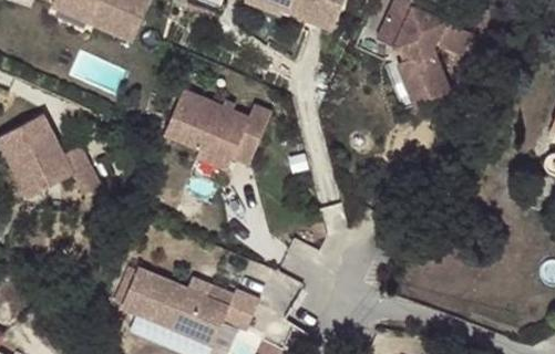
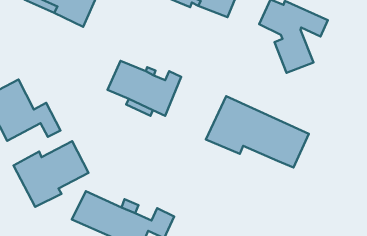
building: none -> [206,96,309,167]
building: none -> [13,141,88,207]

